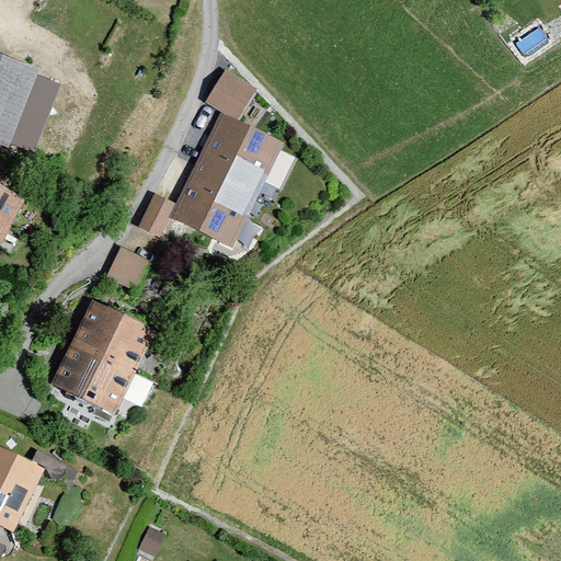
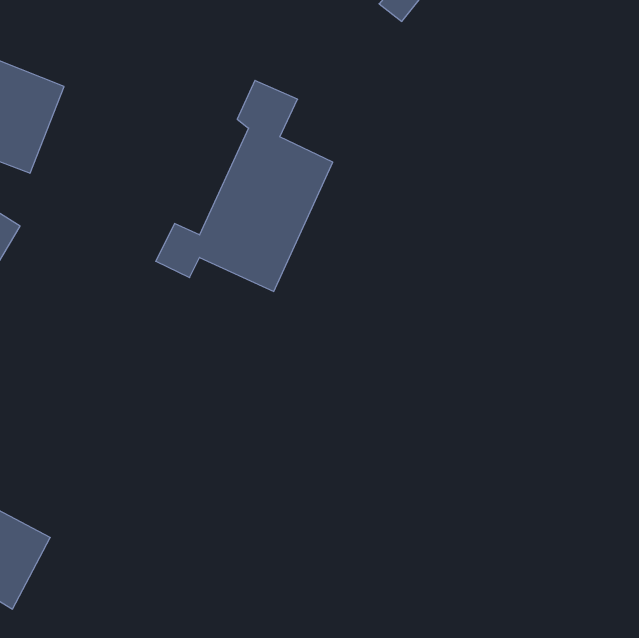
building: [105,250,147,291] -> none
building: [51,301,154,413] -> none

